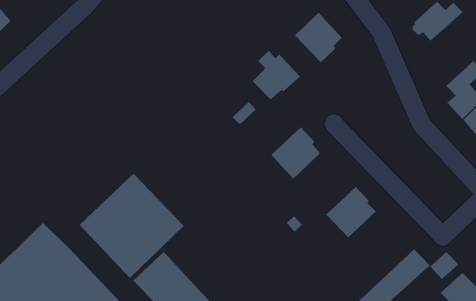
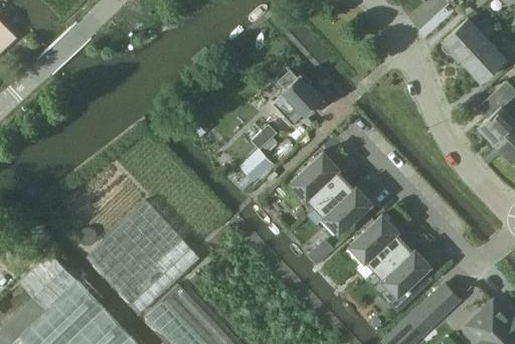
building: [294,12,343,63] -> none
building: none -> [462,38,506,81]
building: none -> [239,149,273,182]
building: none -> [316,180,371,233]
building: none -> [374,242,431,297]

